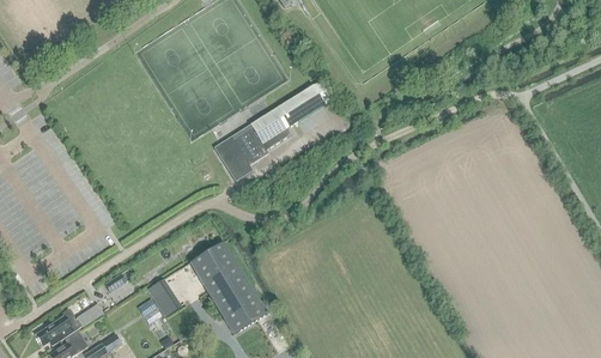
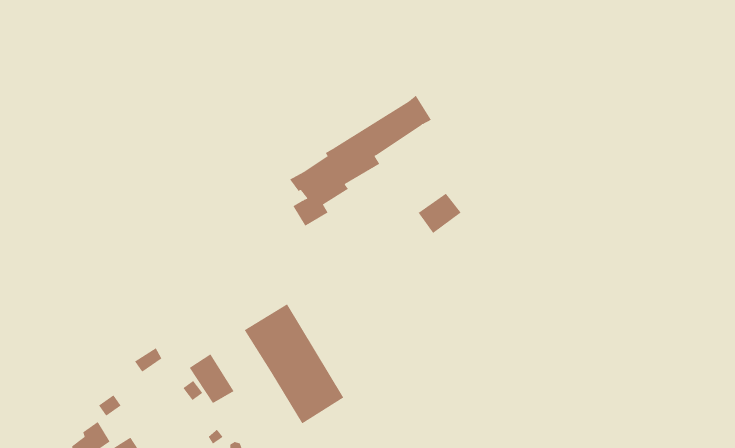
building: none -> [418,193,461,234]
building: [37,309,81,345] -> none

